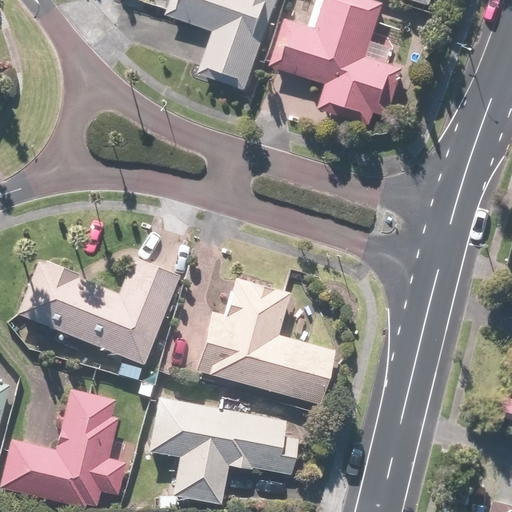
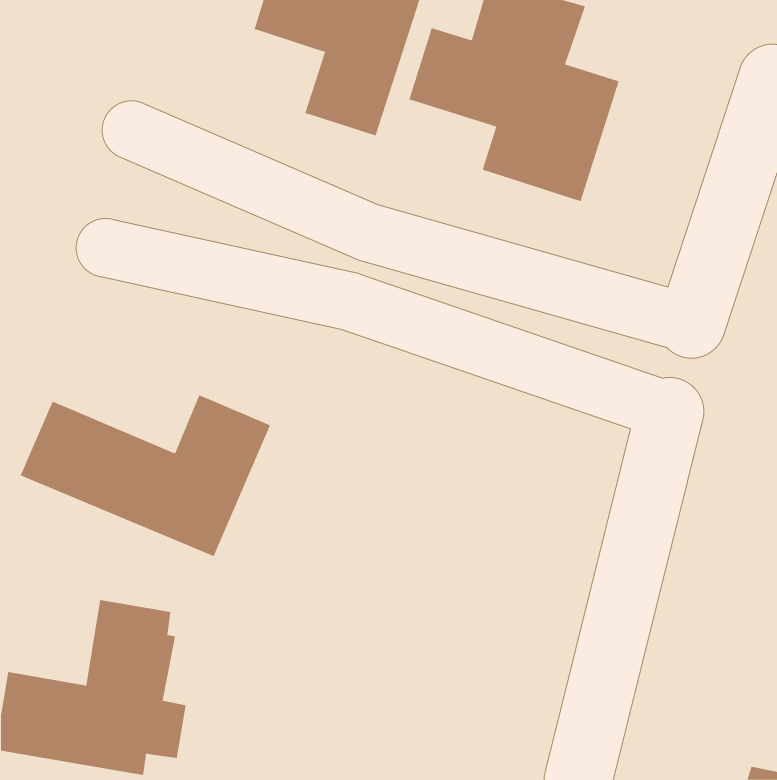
building: [195,275,334,405] -> none
building: [146,398,296,504] -> none

